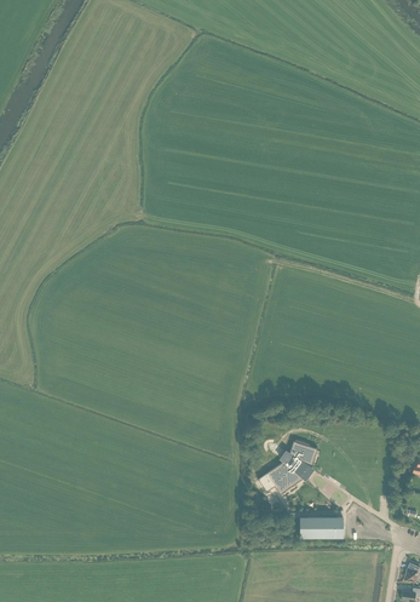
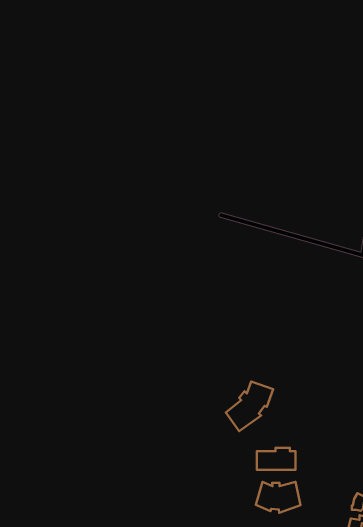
building: none -> [256,482,300,513]

